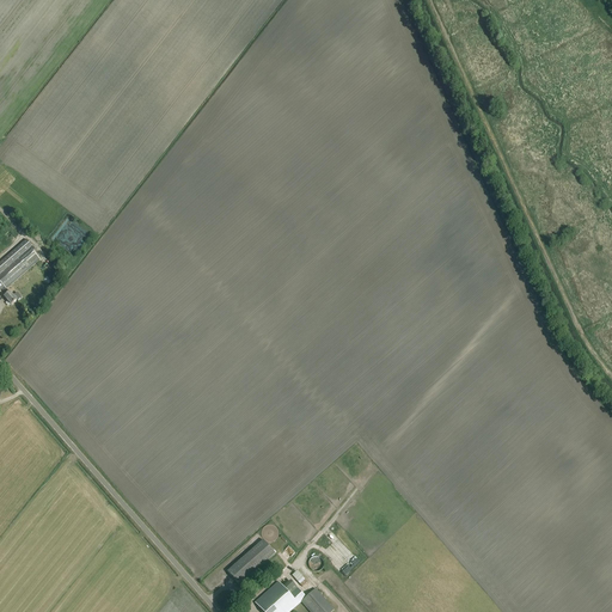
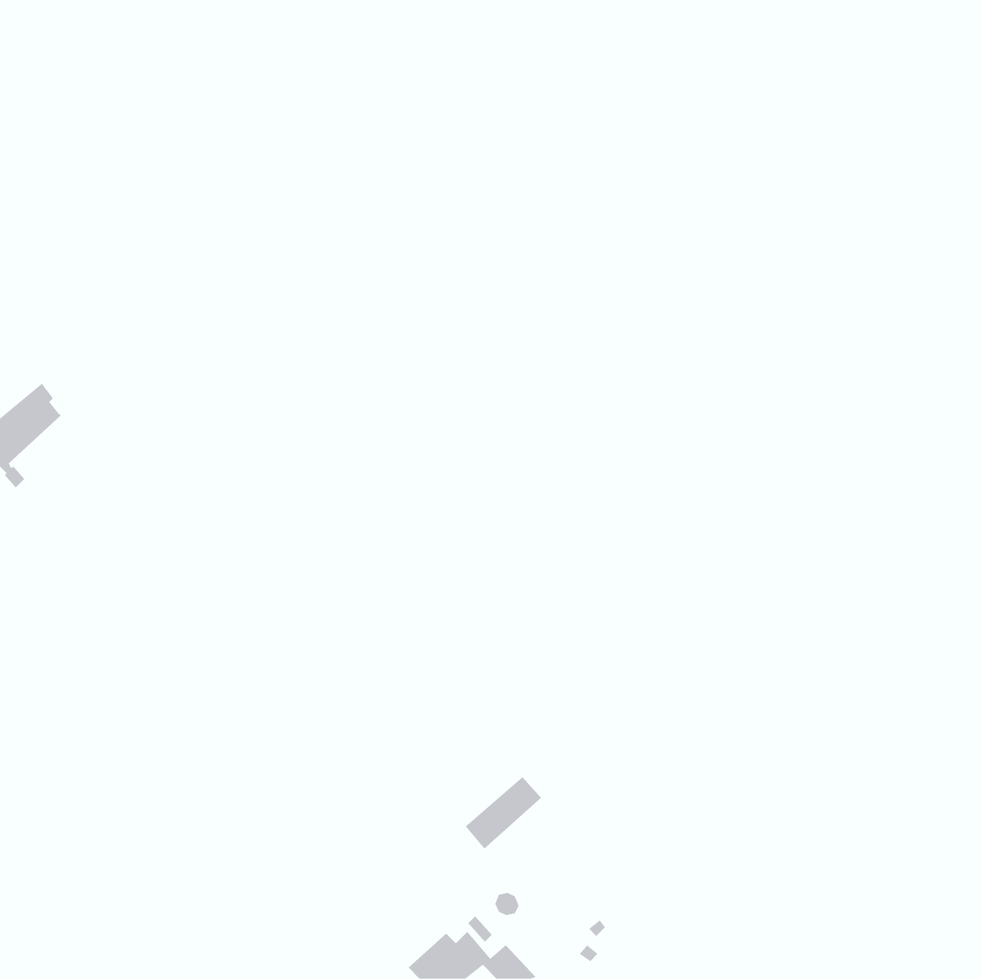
building: [226,538,274,583] -> [465,777,542,850]

